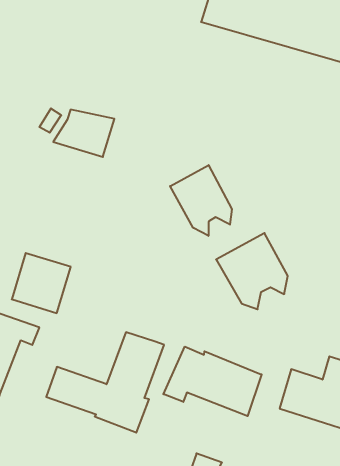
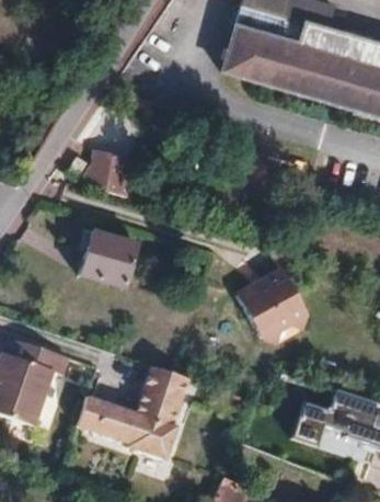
building: [170,165,232,236] -> none
building: [12,253,71,313] -> [87,228,142,285]
building: [163,347,262,416] -> none

